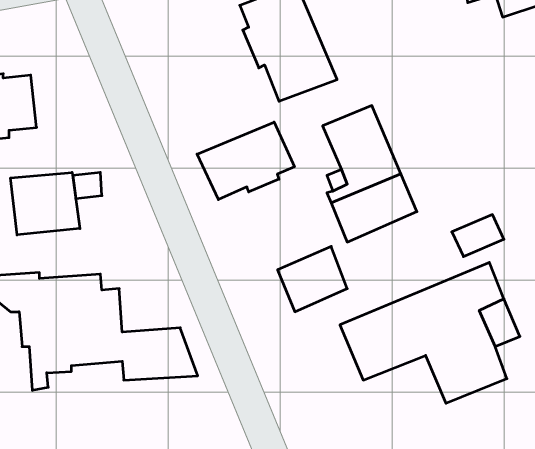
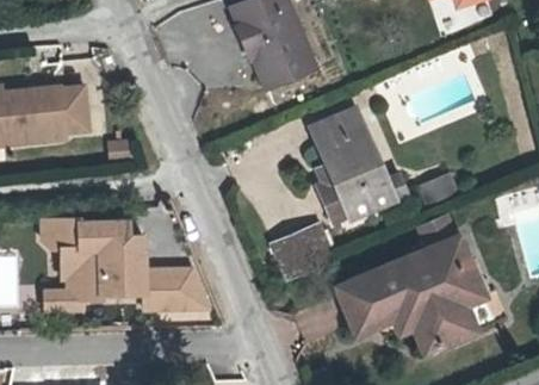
building: [197,122,294,200] -> none
building: [11,172,80,235] -> none

